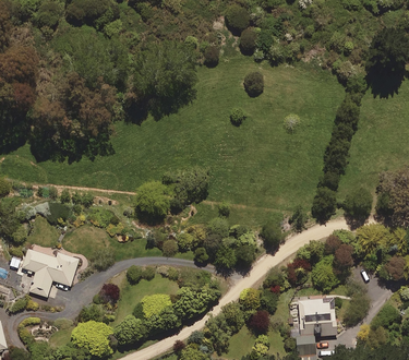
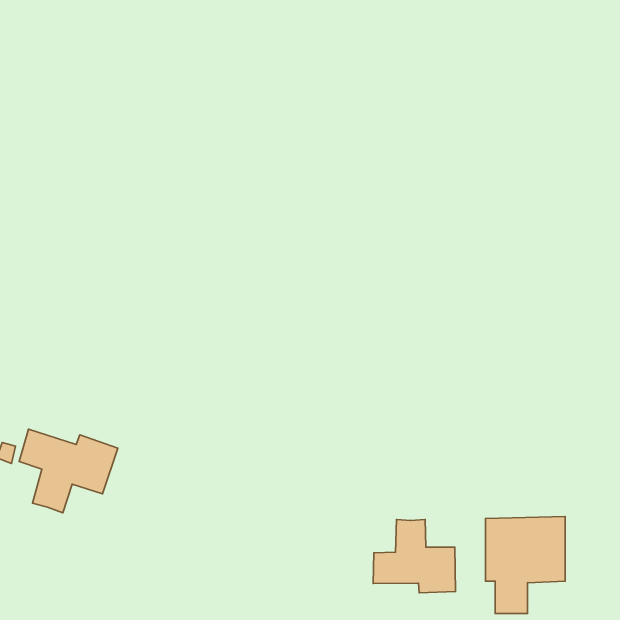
building: none -> [373,520,456,593]

